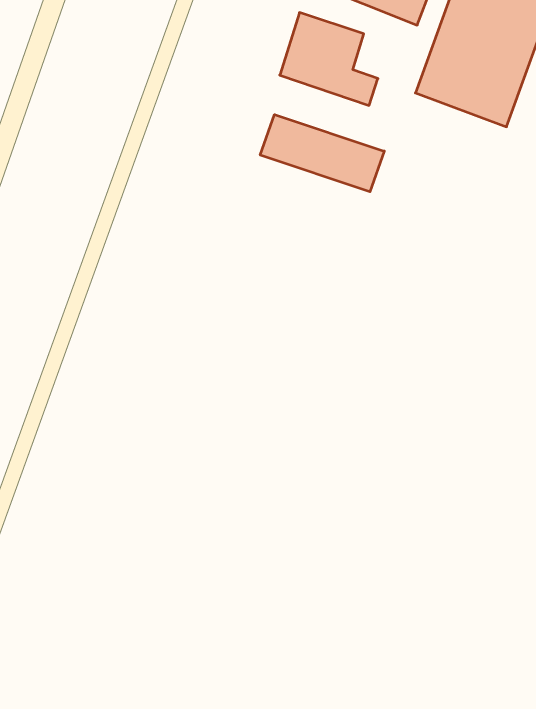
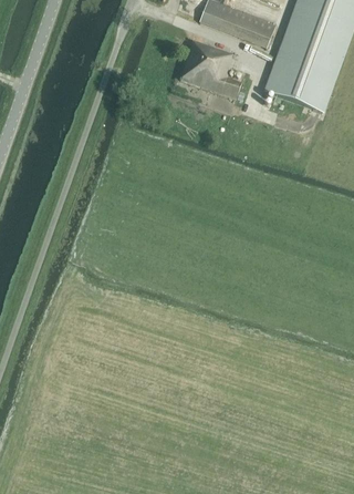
building: [260,115,384,192] -> none

